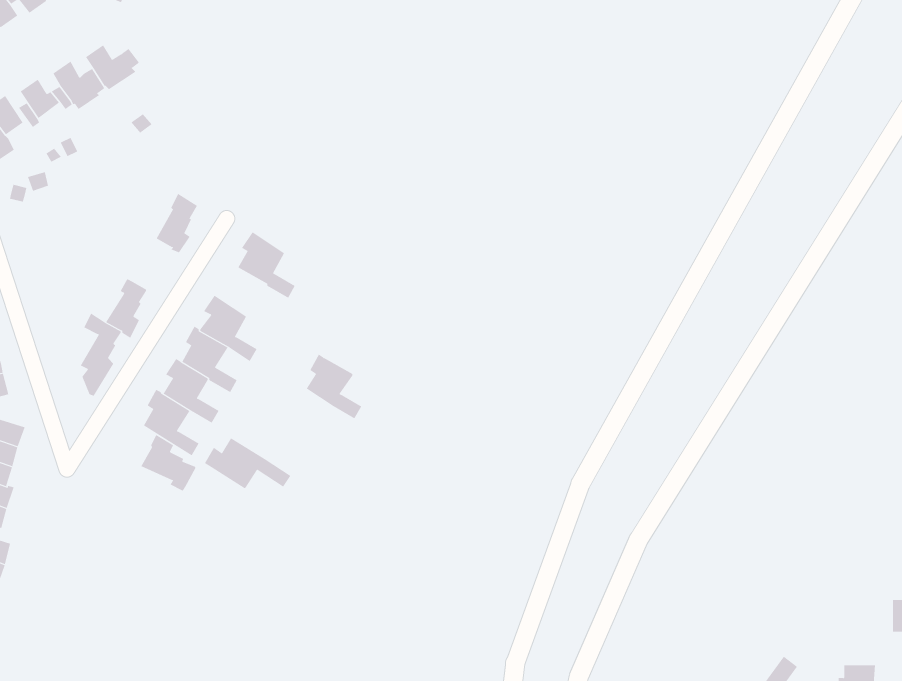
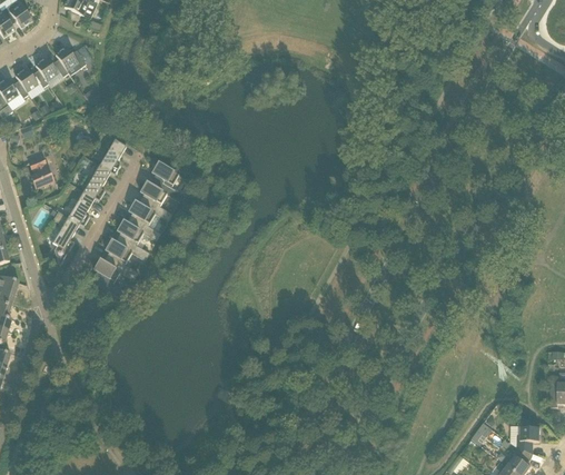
building: none -> [29,155,53,187]
building: none -> [83,161,109,199]
building: [306,354,362,419] -> [138,179,172,219]
building: [141,434,196,492] -> none
building: [204,436,291,489] -> none

